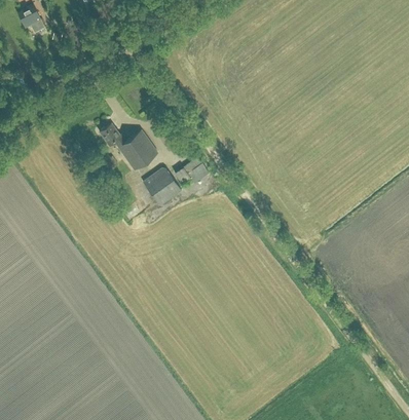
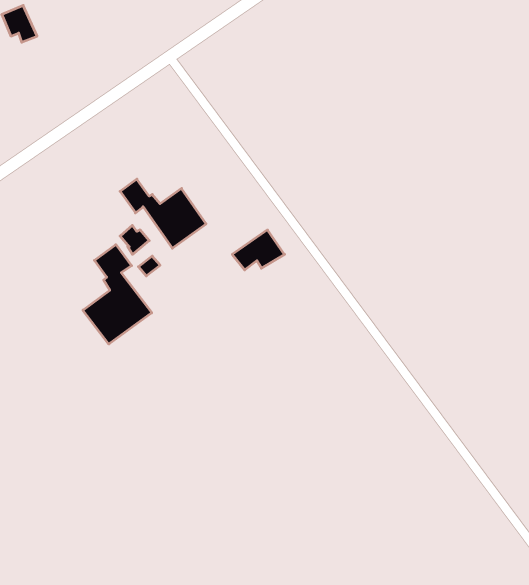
building: none -> [83,245,152,344]
building: [143,167,182,206] -> none

